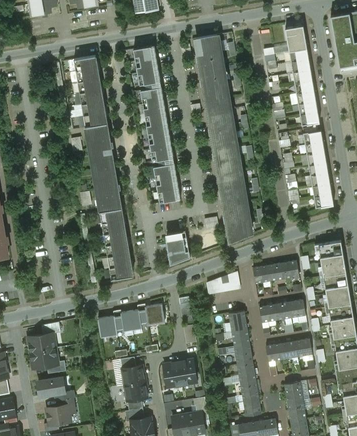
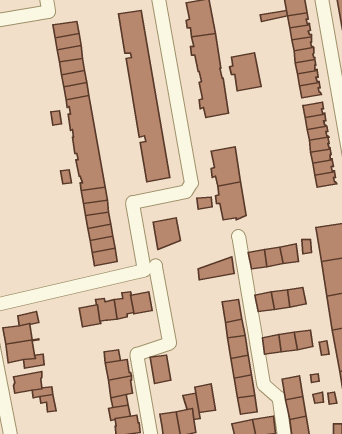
building: [211,139,240,174] -> [229,53,261,91]
building: [177,358,196,384] -> [195,384,216,412]
building: [46,404,74,424] -> none

